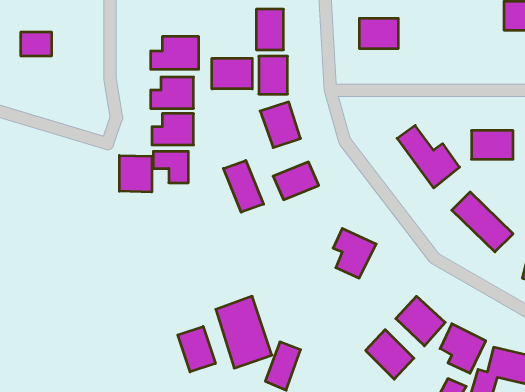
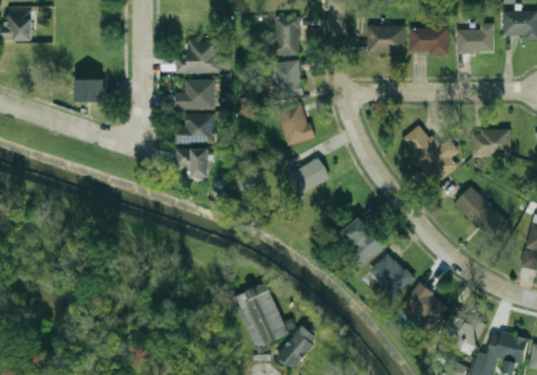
building: none -> [455,23,495,53]
building: none -> [410,29,449,54]
building: [21,32,52,56] -> [76,81,105,102]
building: [212,58,252,89] -> none
building: [119,155,152,192] -> none
building: [223,160,264,212] -> none
building: [178,326,215,372] -> none
building: [366,330,414,379] -> [369,252,414,298]

